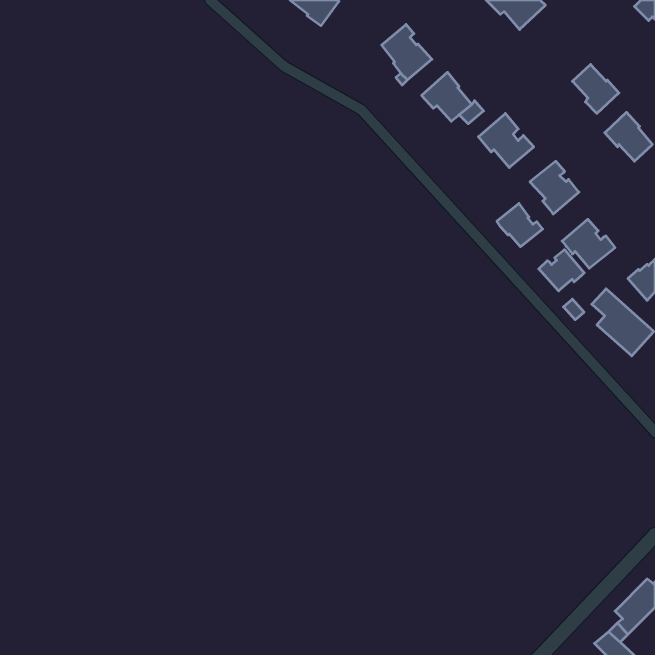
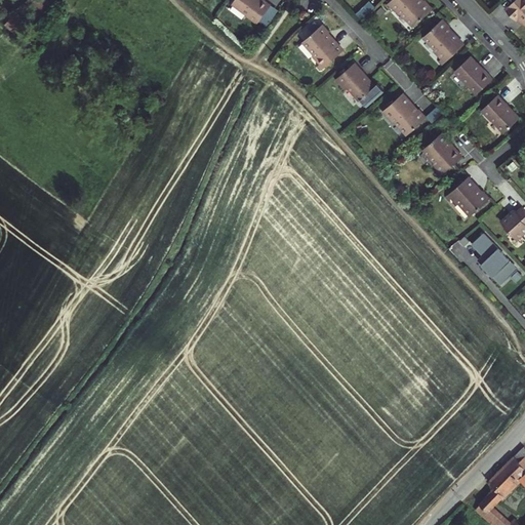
building: none -> [425,17,463,62]
building: [497,203,543,247] -> none
building: [539,250,584,291] -> none

